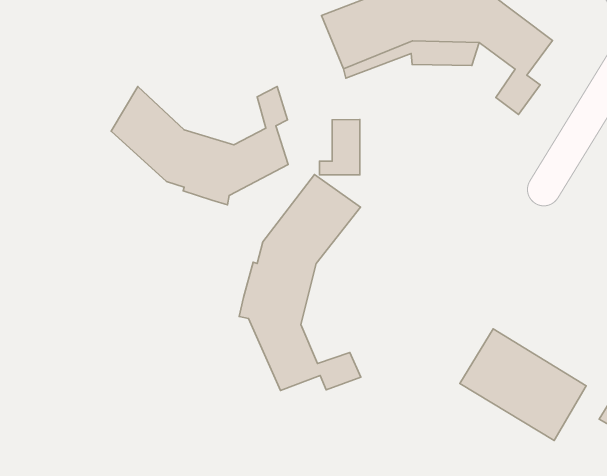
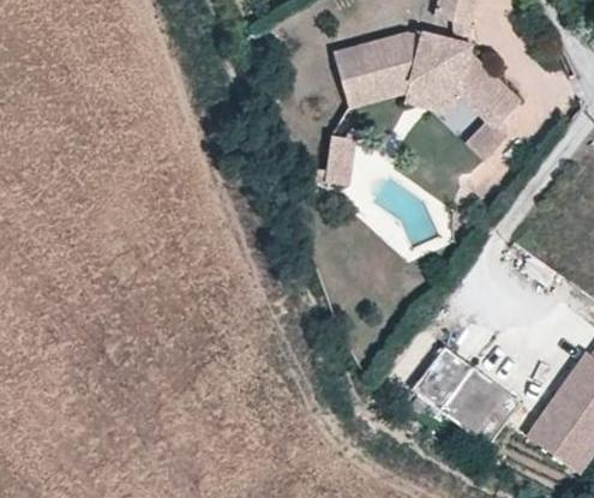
building: [111,86,288,205] -> none
building: [239,174,361,390] -> none

